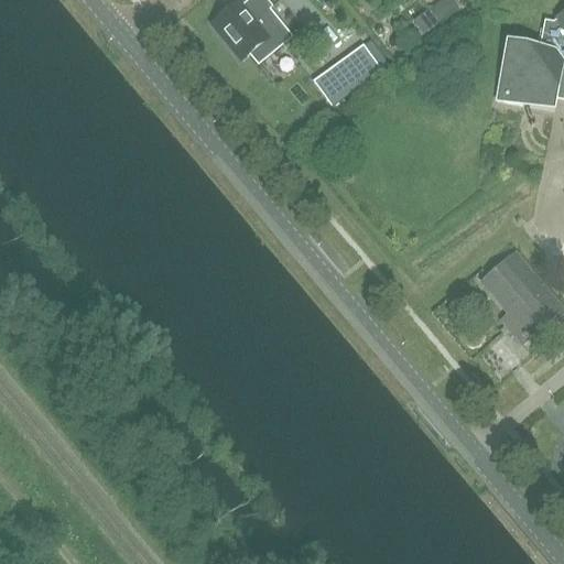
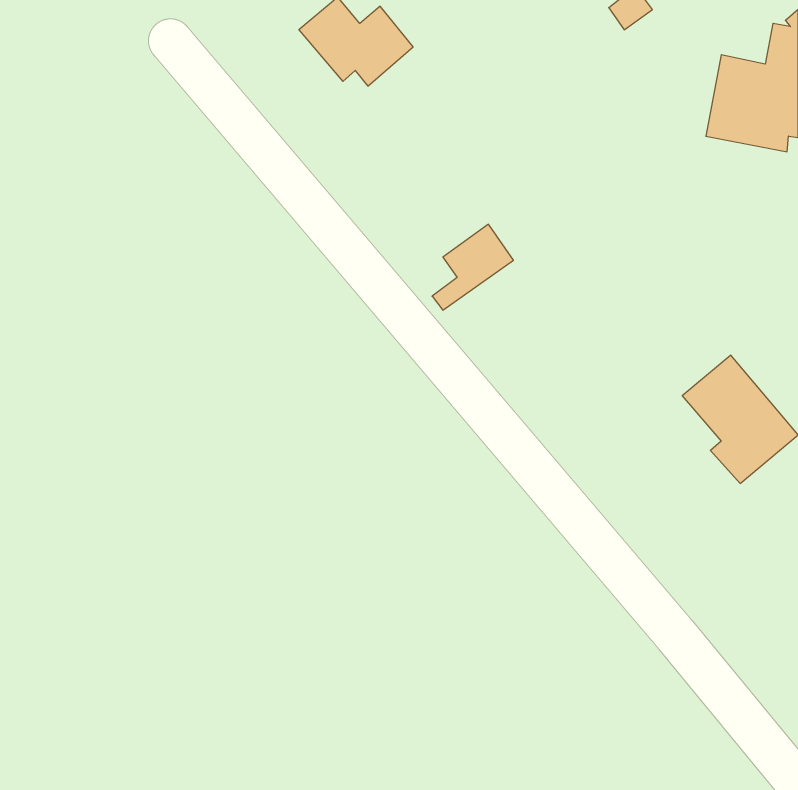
building: [324,41,381,101] -> [432,224,513,310]

